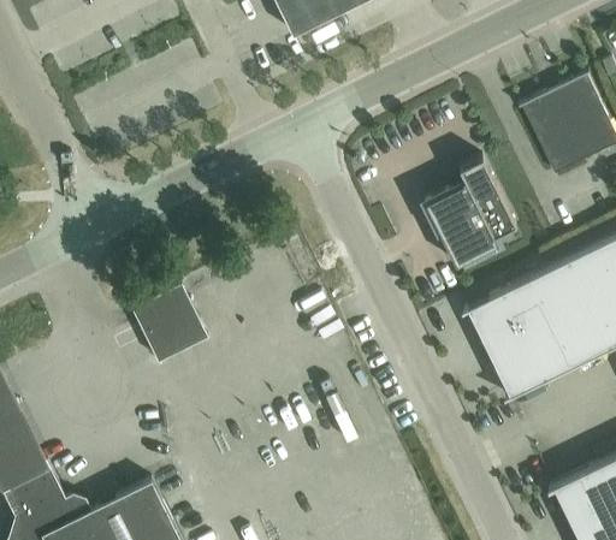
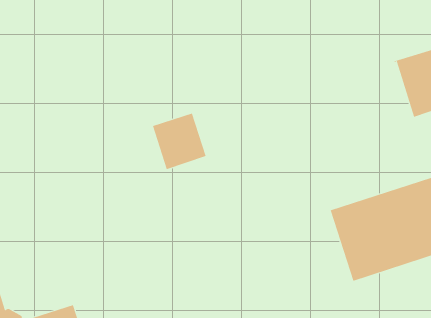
building: [425,160,516,267] -> none
building: [132,285,208,363] -> [152,113,207,170]

